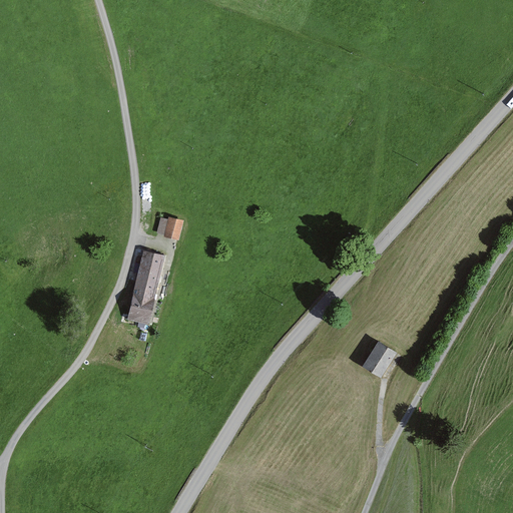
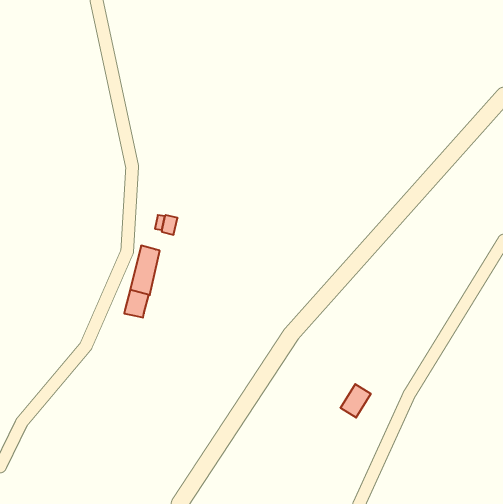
building: [364,342,395,376] -> [340,384,371,418]

